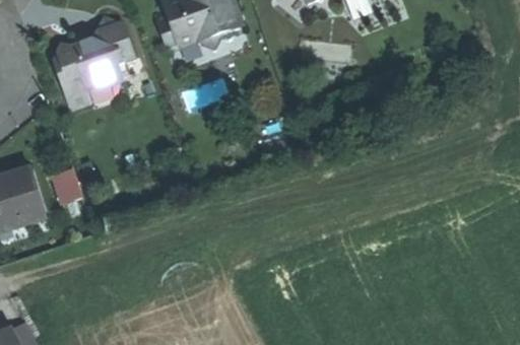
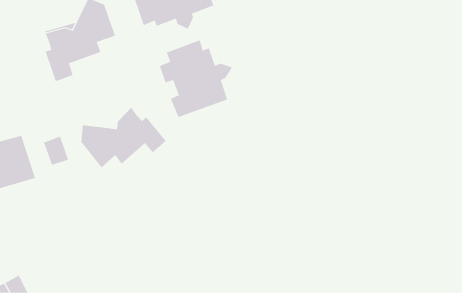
building: none -> [159,40,233,118]
building: none -> [81,107,166,168]

